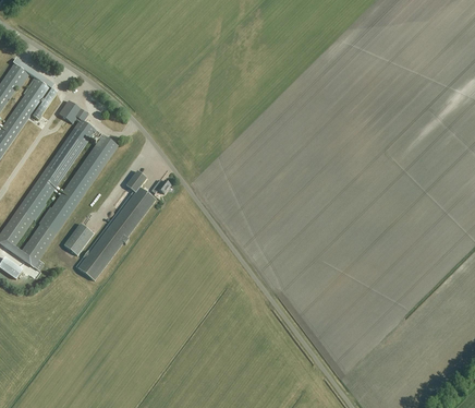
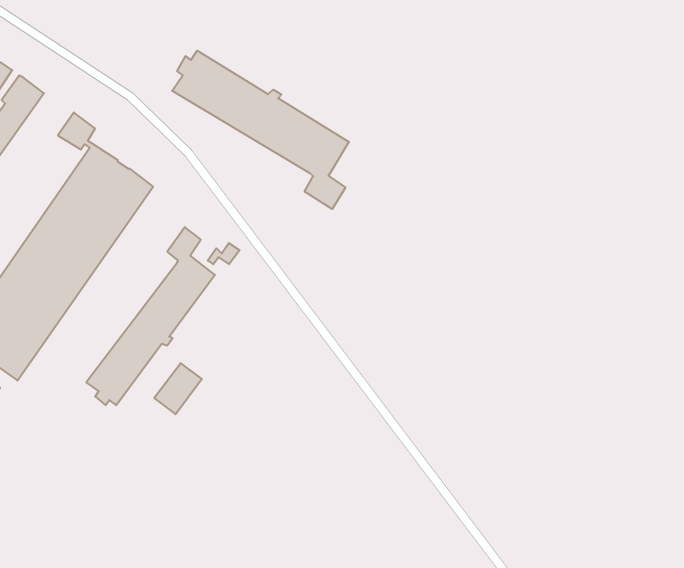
building: none -> [172,51,349,209]
building: [63,225,93,256] -> [154,363,202,414]

